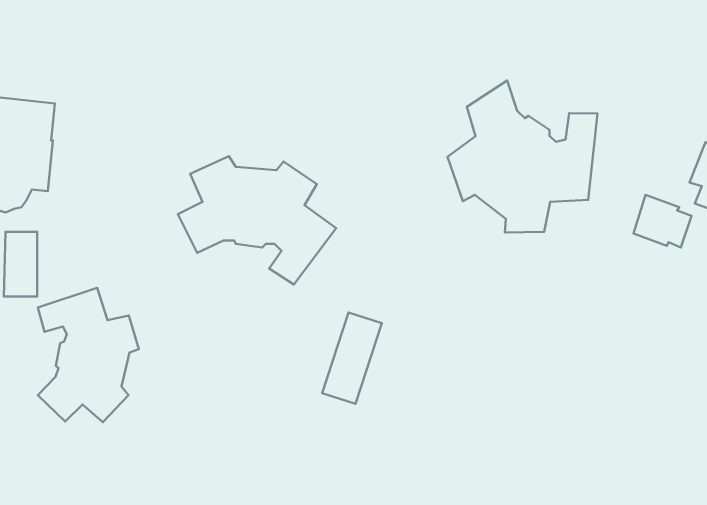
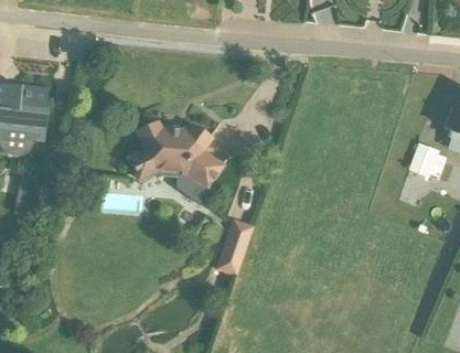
building: [448,80,597,233] -> none
building: [38,288,139,422] -> none

